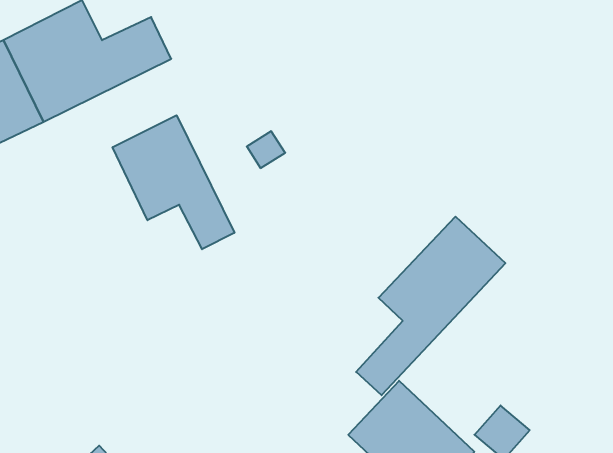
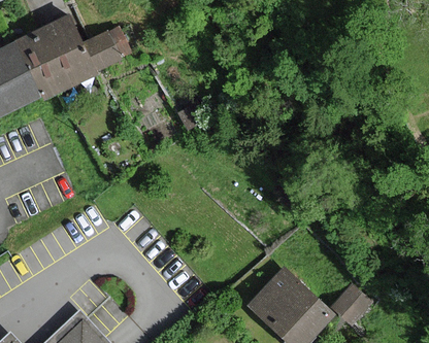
building: [113,115,234,249] -> none
building: [356,217,505,395] -> none

